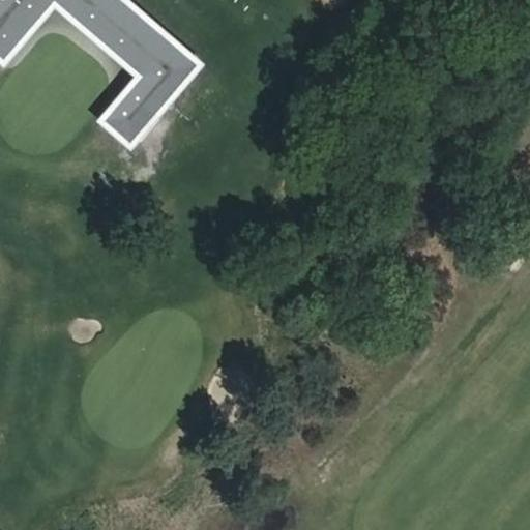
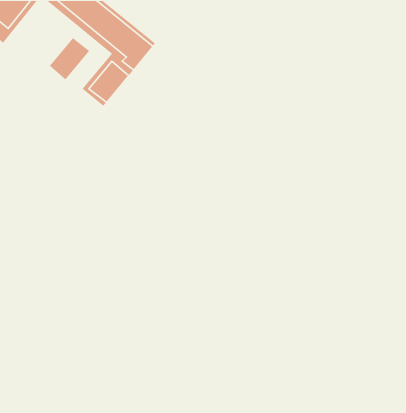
building: none -> [49,37,90,81]

